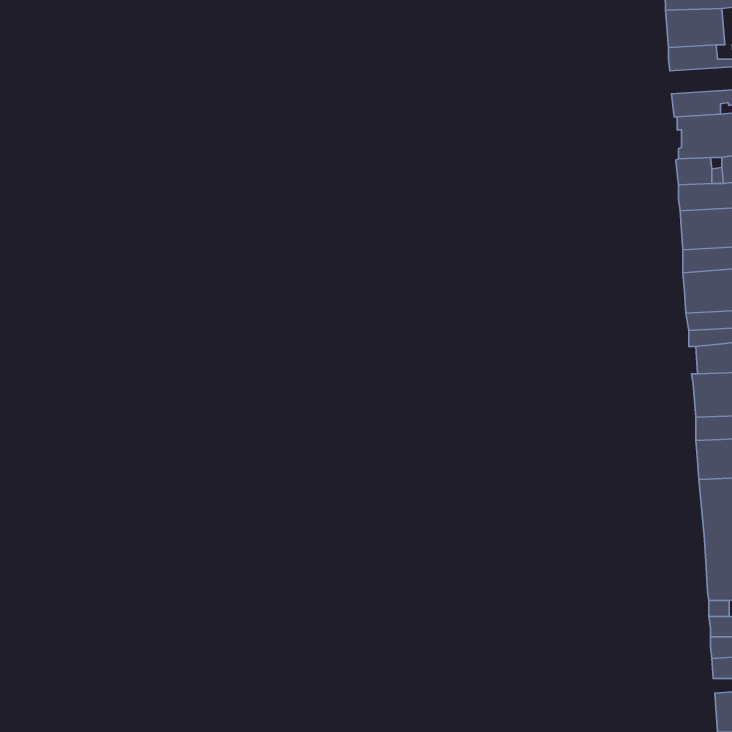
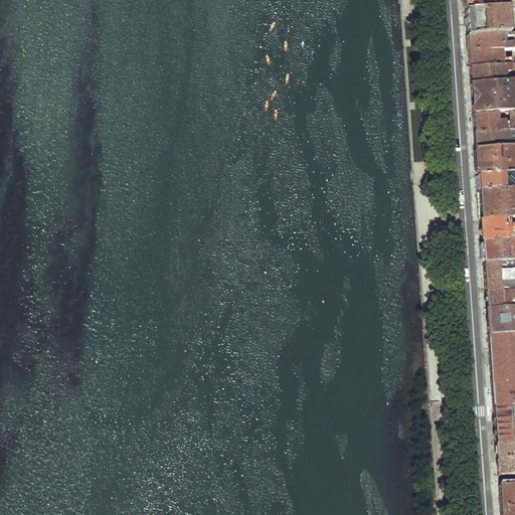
building: none -> [471,47,504,65]

